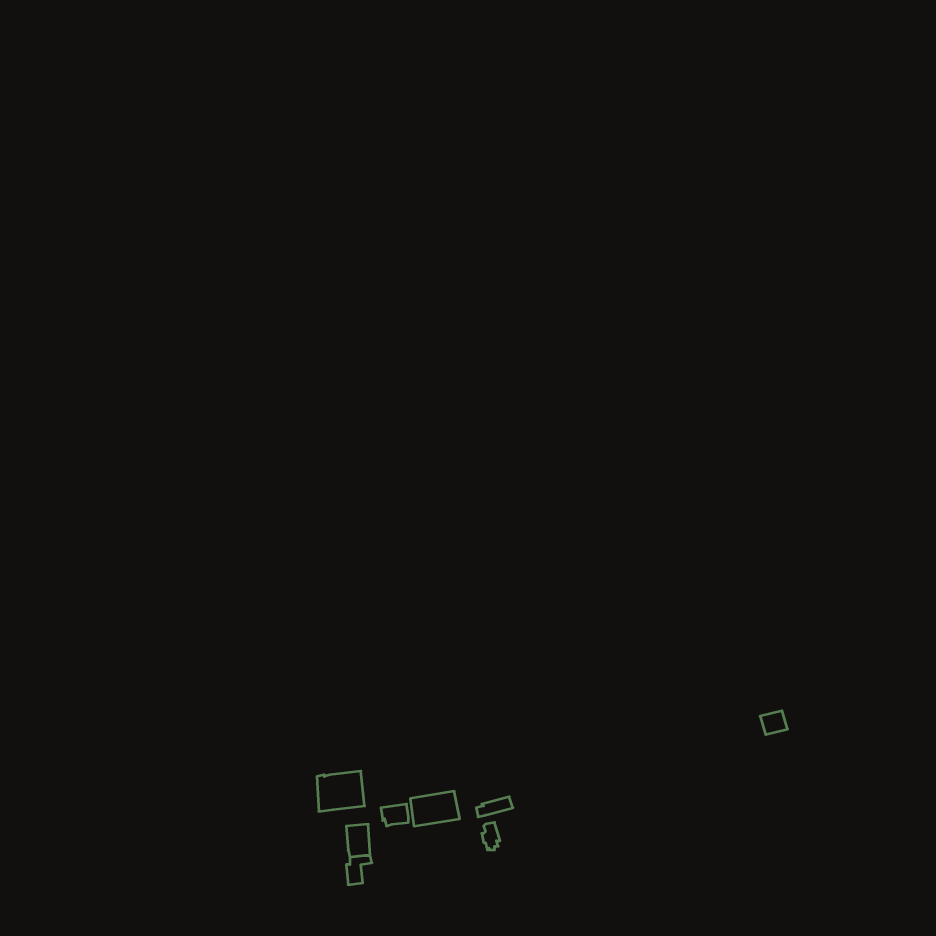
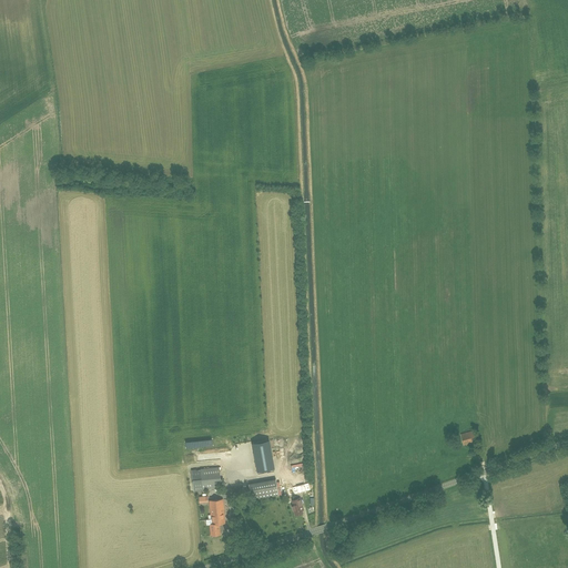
building: none -> [252,440,274,471]

